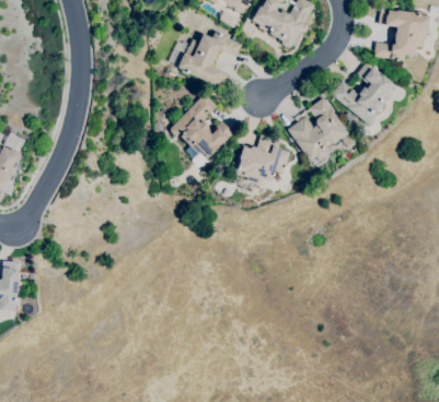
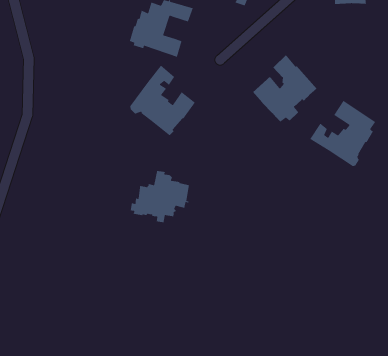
building: [332,61,396,125] -> [309,100,376,167]
building: [232,134,291,185] -> [130,170,190,223]

